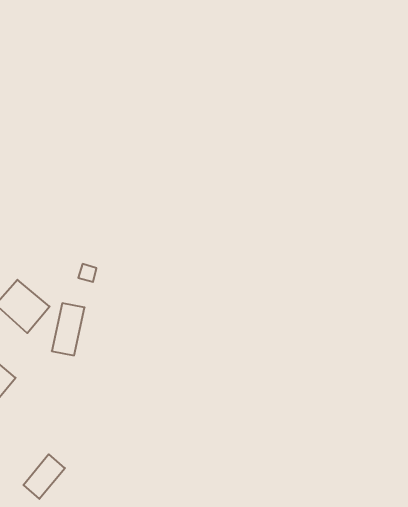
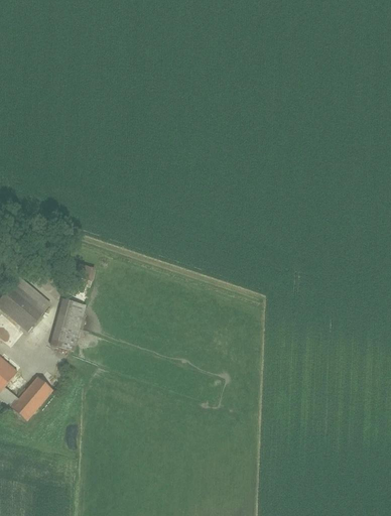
building: [23,454,65,499] -> [12,377,51,419]

